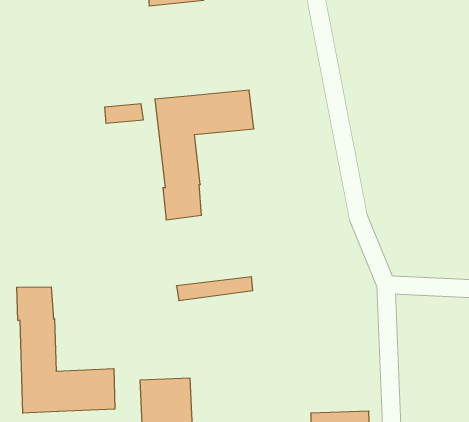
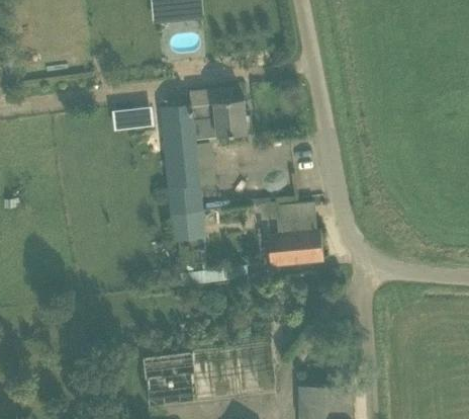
building: none -> [267,202,323,265]
building: none -> [170,211,204,240]
building: [17,287,115,413] -> none

